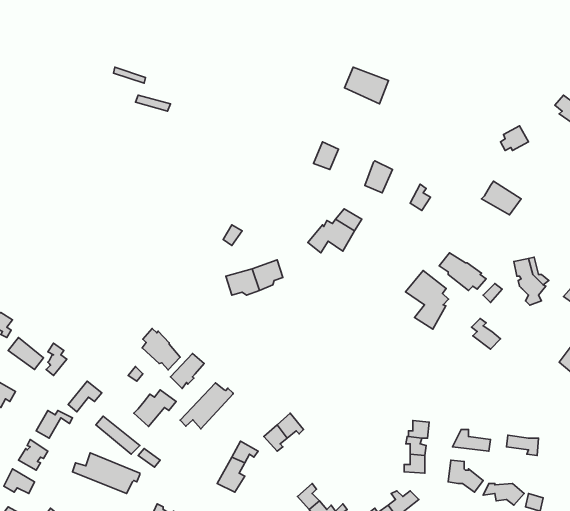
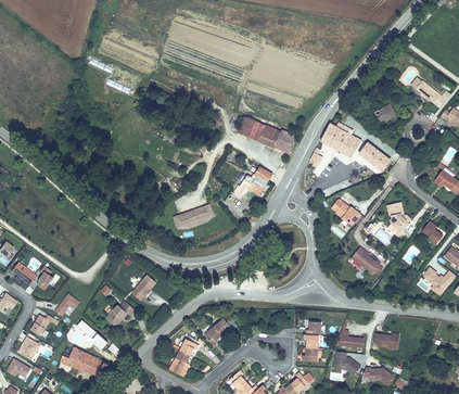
building: [345,67,388,104] -> [250,122,282,149]
building: none -> [320,123,362,158]
building: [406,271,449,329] -> none
building: [142,328,180,370] -> none
building: [180,383,233,429] -> none

